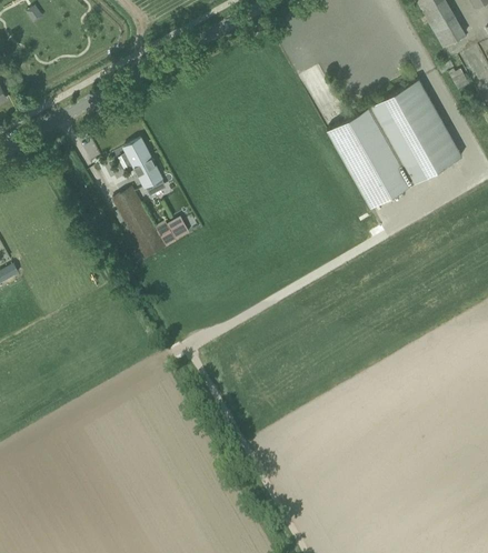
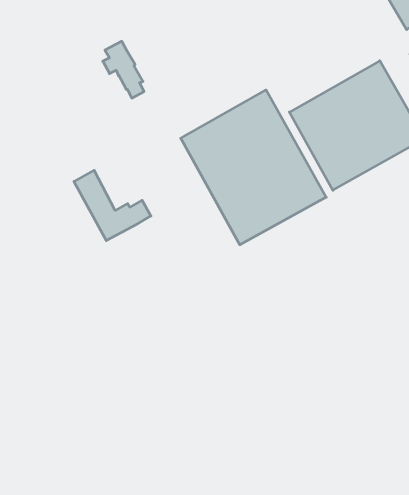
building: none -> [181,90,326,245]
building: [122,139,163,195] -> [103,41,144,98]

